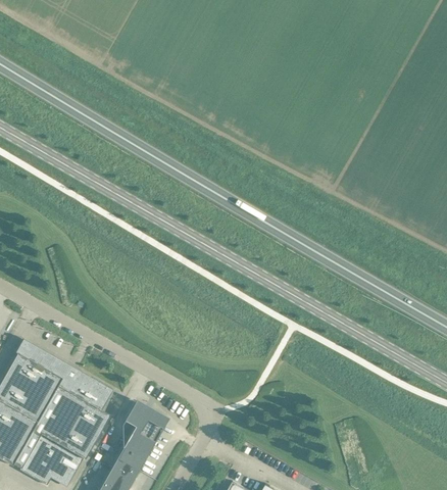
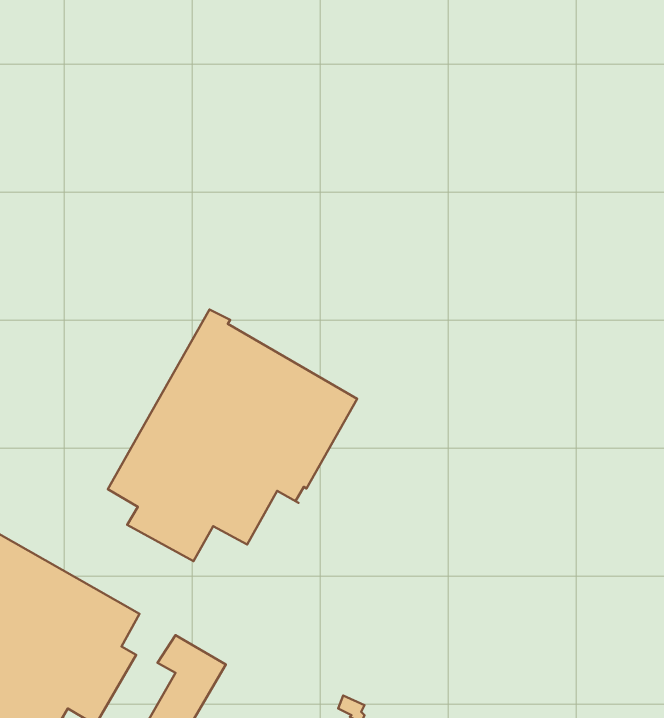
building: none -> [108,309,357,561]

